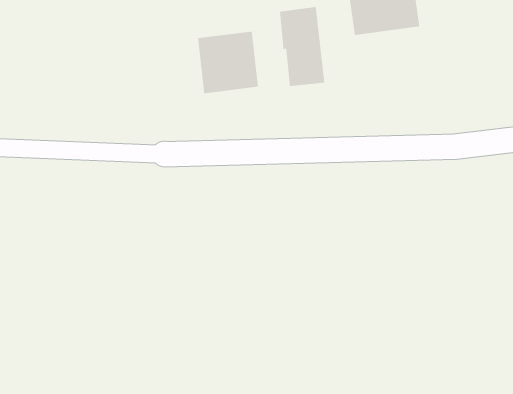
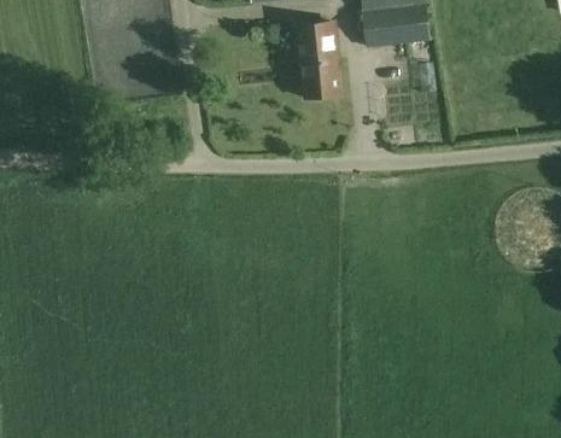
building: [197,31,259,94] -> none

